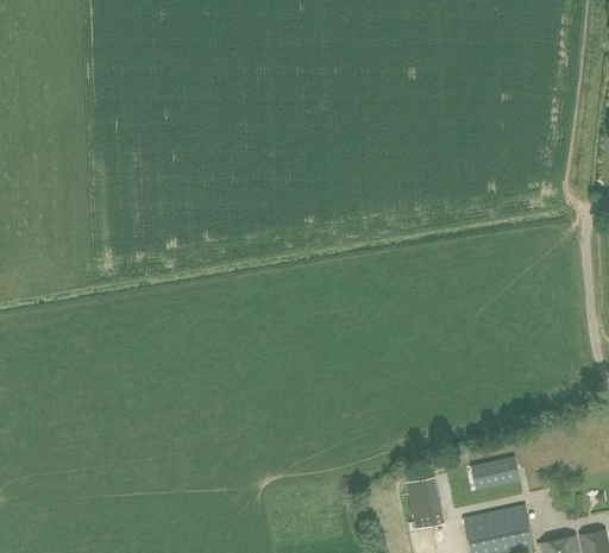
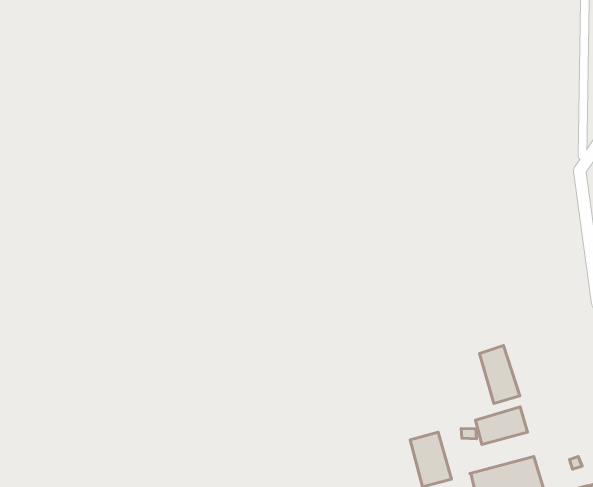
building: none -> [479,345,520,404]

